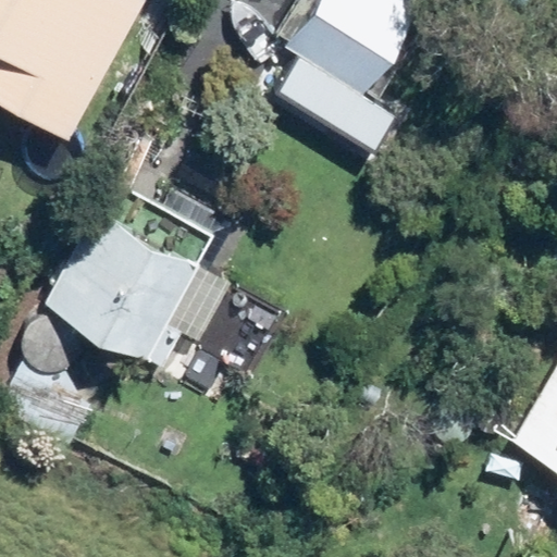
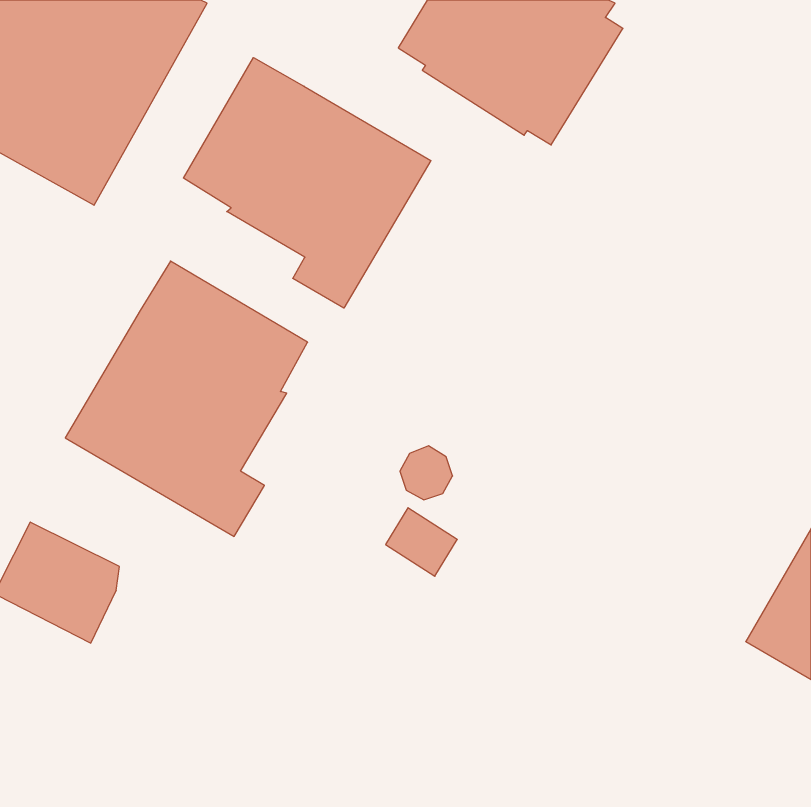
building: none -> [183,58,431,308]

